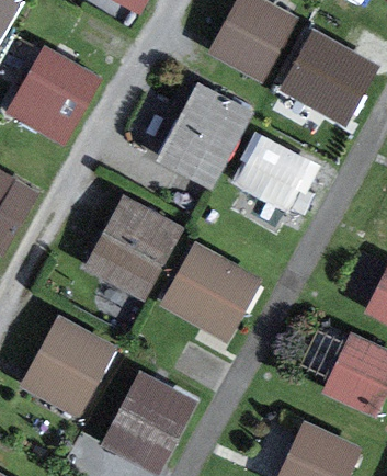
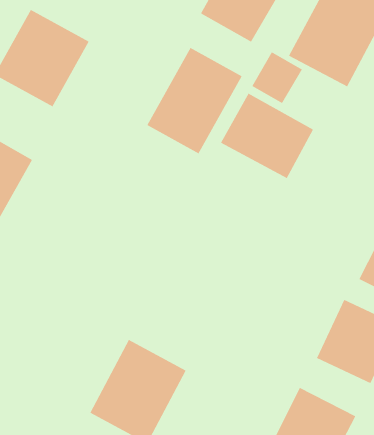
building: [82,195,180,296] -> none
building: [161,242,264,343] -> none
building: [19,314,118,420] -> none

